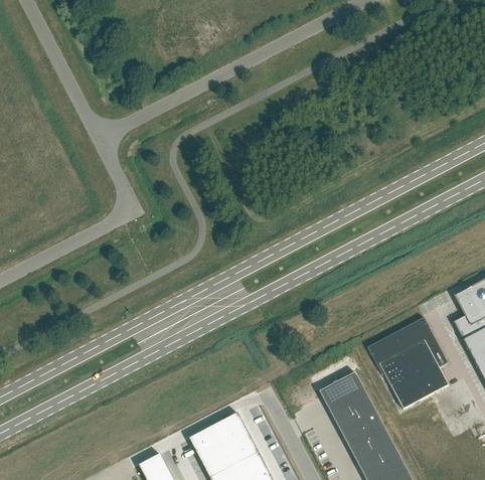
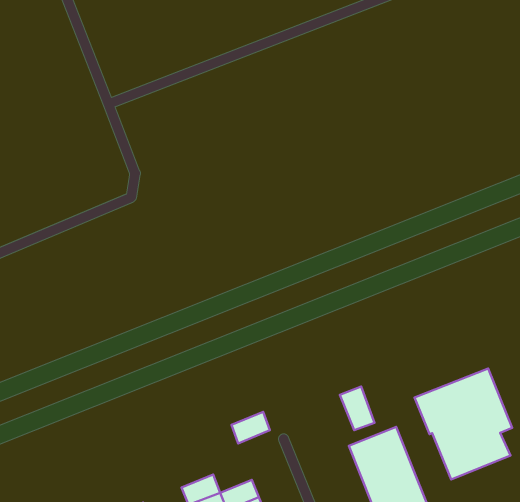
building: none -> [340,386,374,430]
building: [213,412,245,439] -> [231,412,270,443]

